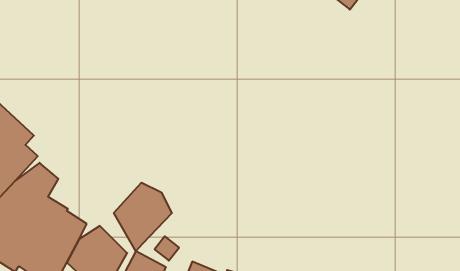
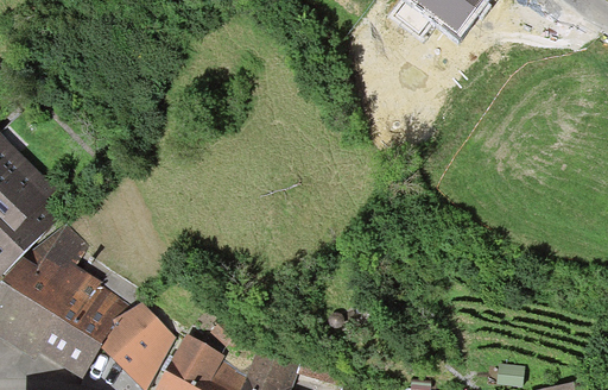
building: [114,183,172,251] -> none

